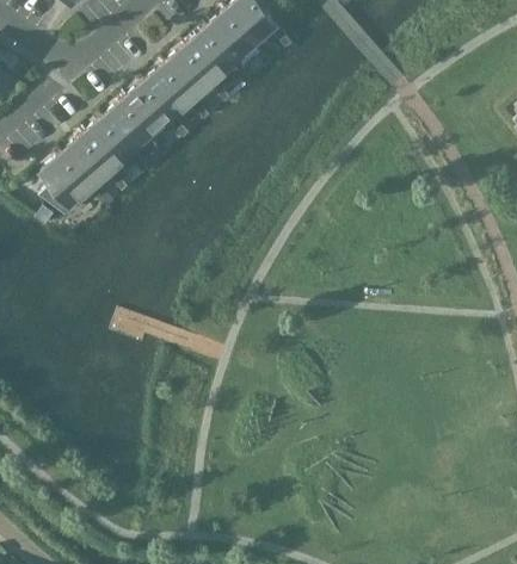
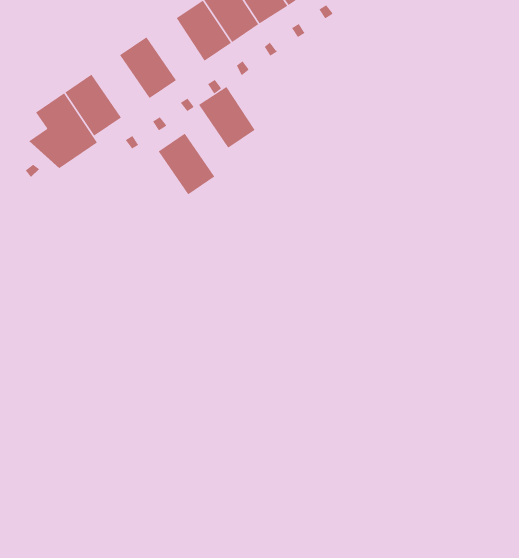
building: [124,82,173,132] -> [198,86,255,148]
building: [84,118,133,168] -> [158,133,215,195]

